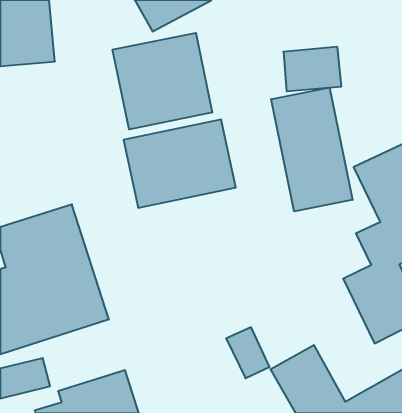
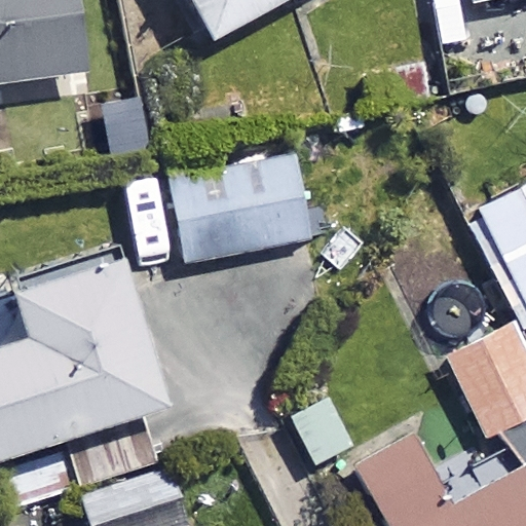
building: [113,33,212,129] -> none
building: [271,88,353,211] -> none

